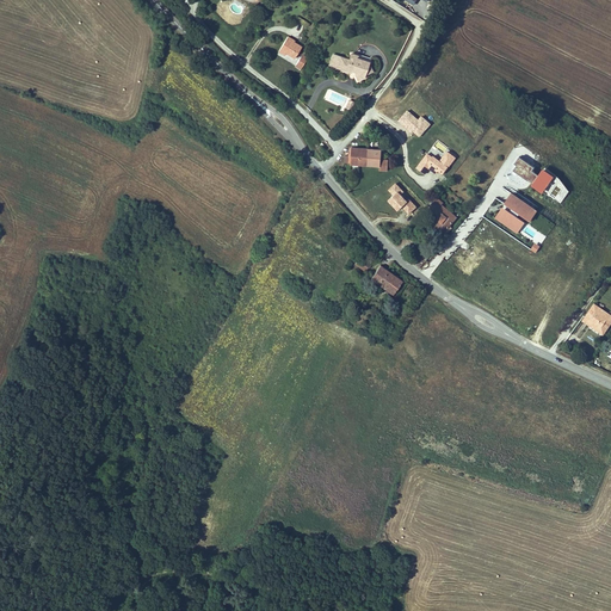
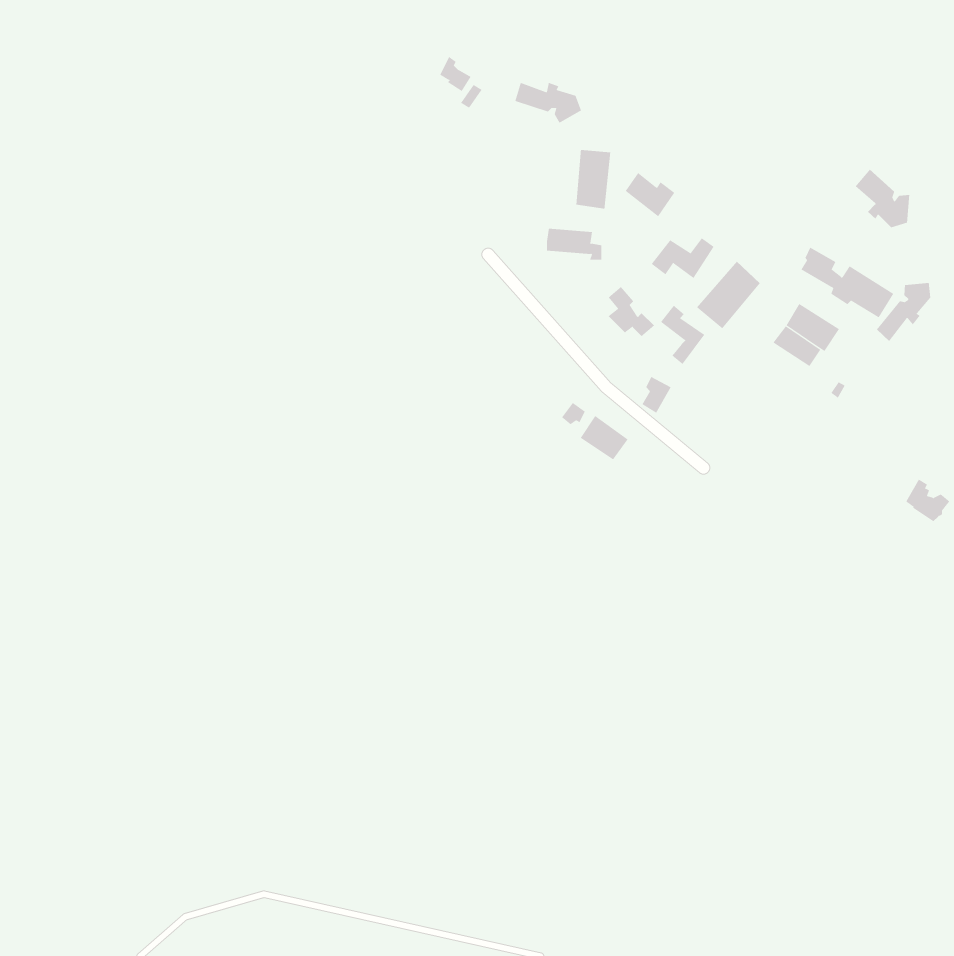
building: none -> [576,149,611,209]
building: none -> [855,169,910,228]
building: none -> [696,261,761,329]
building: none -> [876,282,931,342]

